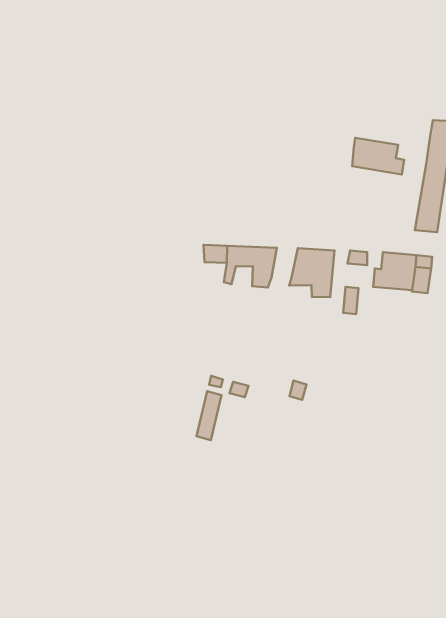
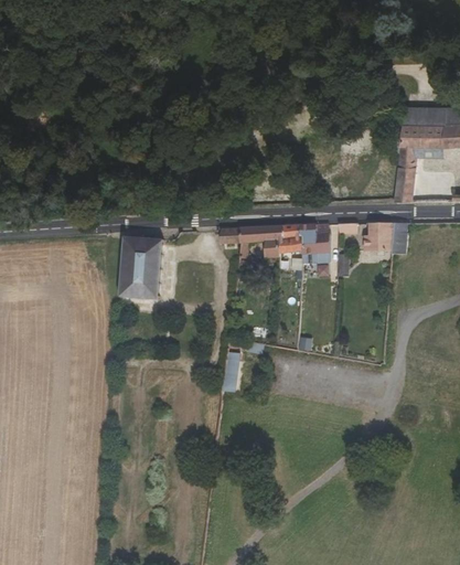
building: [352,138,404,174] -> none
building: none -> [119,231,161,301]
building: none -> [276,226,296,253]

